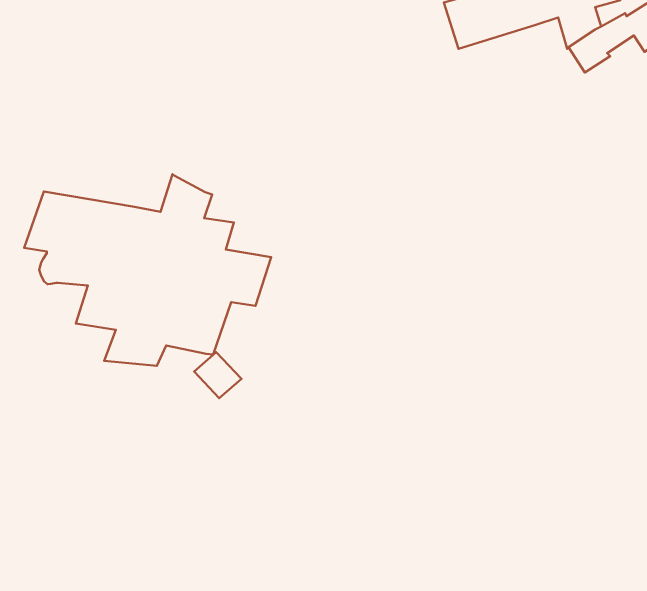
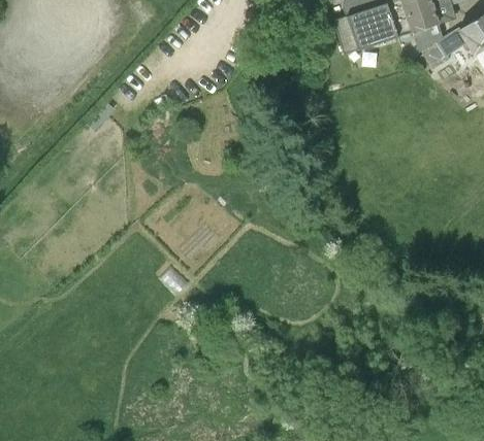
building: [24,174,271,366] -> none

